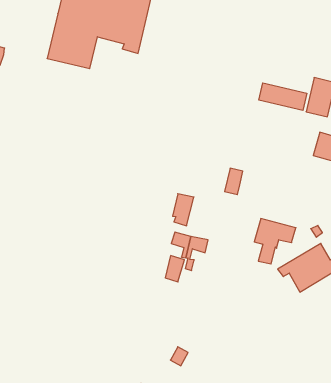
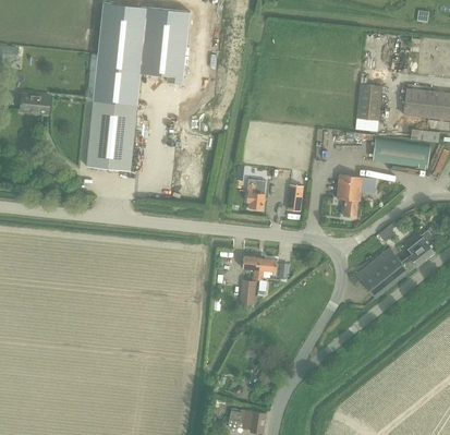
building: none -> [86,100,136,170]
building: [259,83,307,110] -> none
building: [173,194,194,226] -> [246,179,265,209]
building: [254,219,296,264] -> [336,173,375,217]

